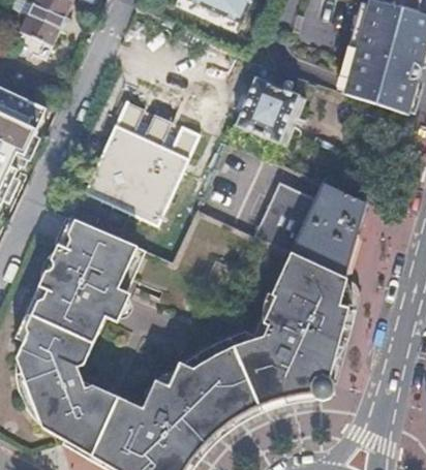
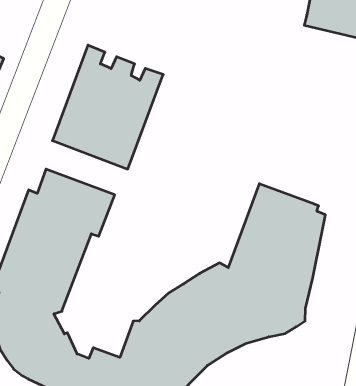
building: [239,79,299,144] -> none
building: [257,179,368,272] -> none

